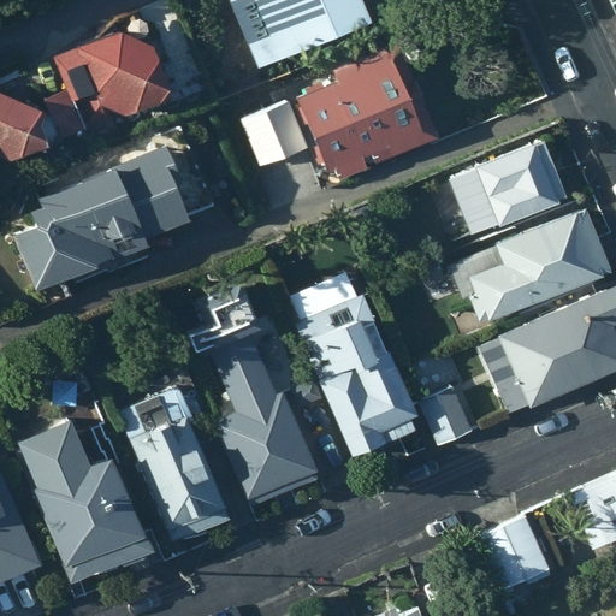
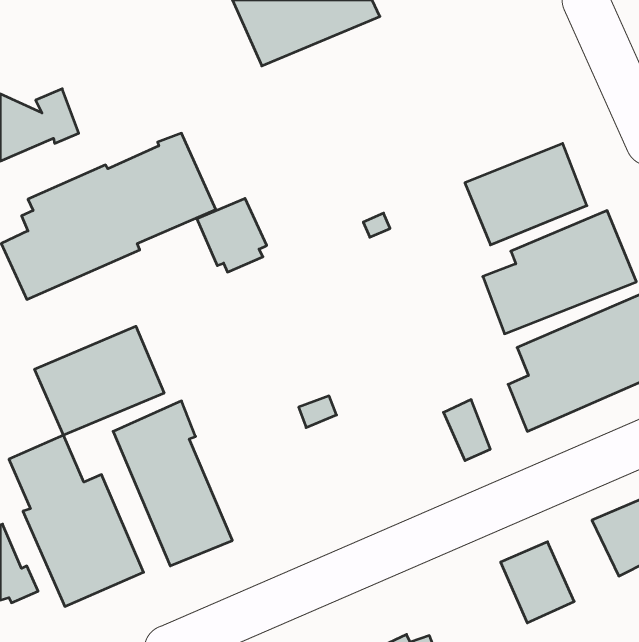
building: [55,29,167,132] -> none
building: [294,42,438,177] -> none
building: [243,103,309,173] -> [197,198,267,272]
building: [185,277,319,507] -> none
building: [294,280,415,455] -> none
building: none -> [35,326,164,435]

